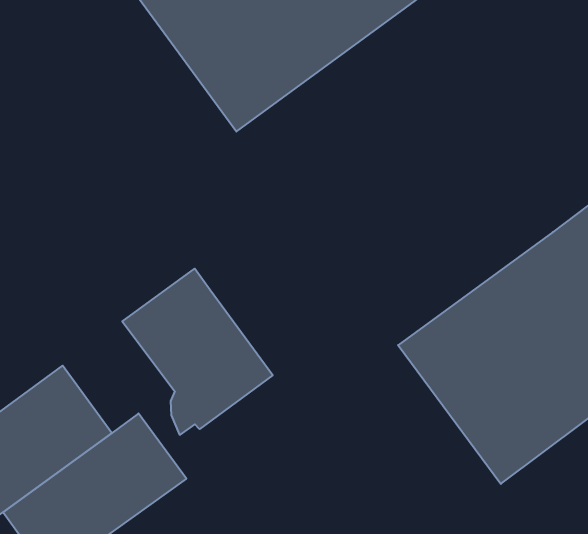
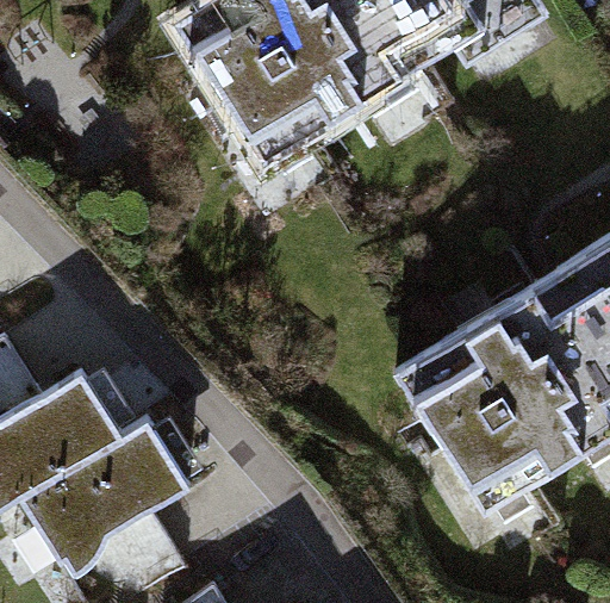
building: [122,269,273,435] -> none

